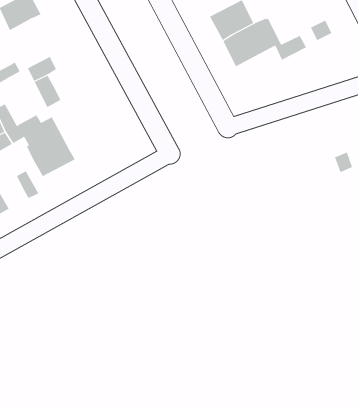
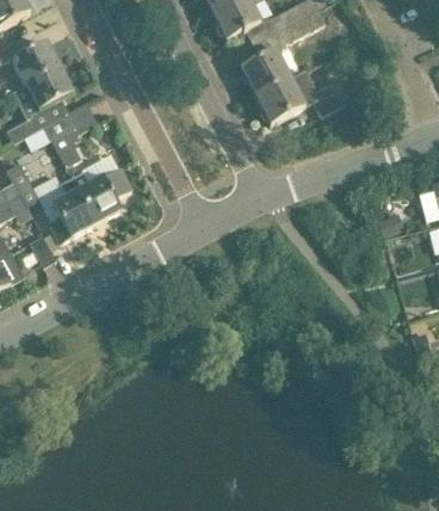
building: none -> [24,63,73,107]
building: none -> [70,164,132,221]

